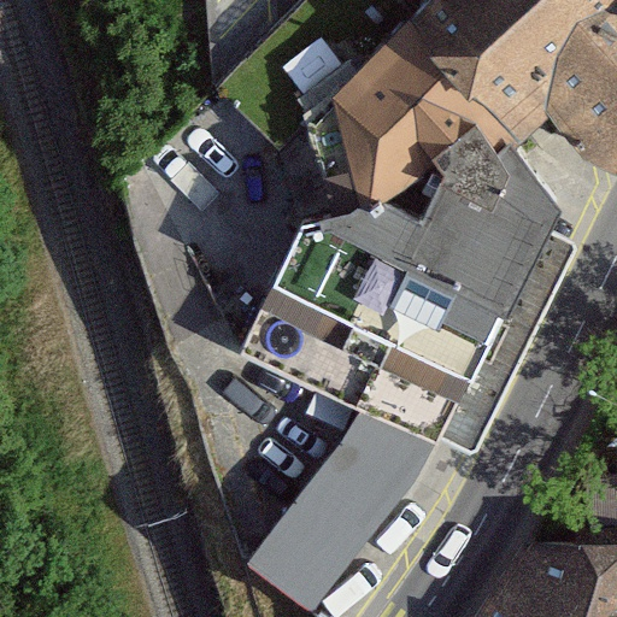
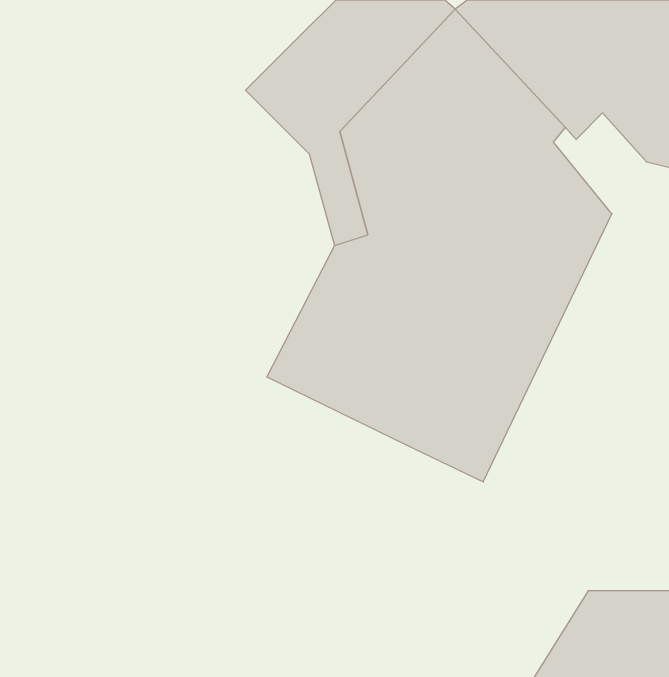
building: [259,405,447,604] -> none

